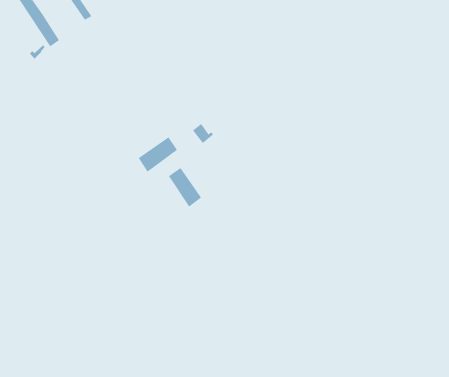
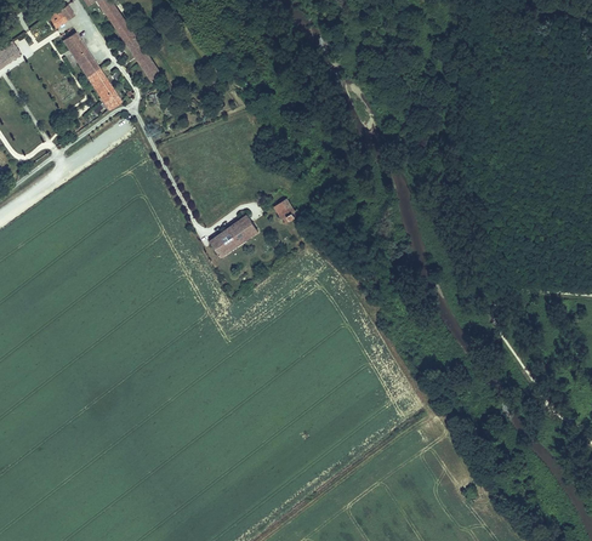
building: [168,167,202,207] -> none

